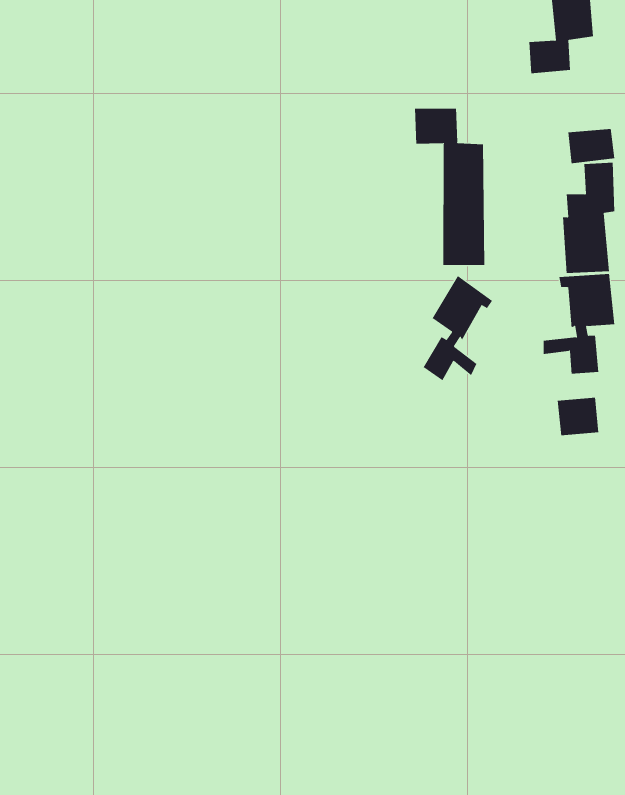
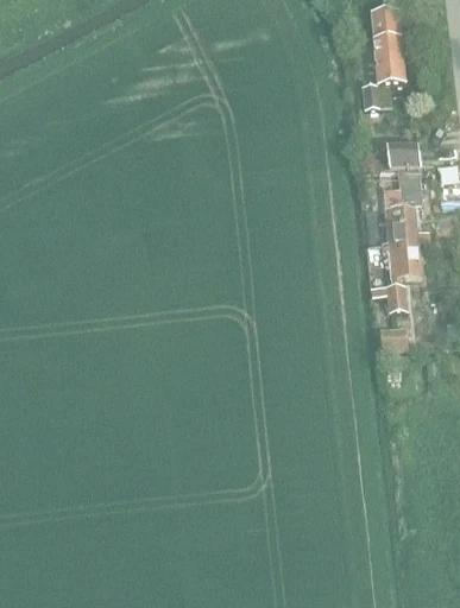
building: [414,108,485,266] -> none
building: [423,275,493,381] -> none

